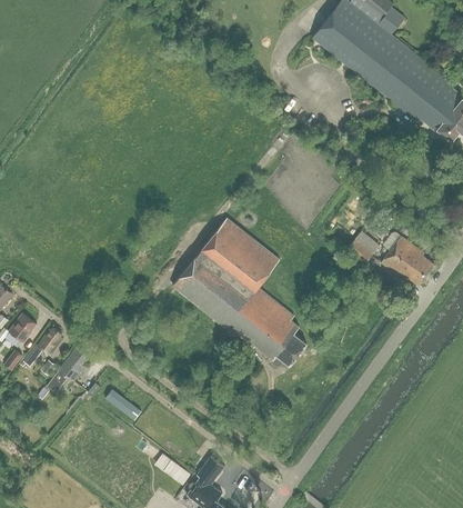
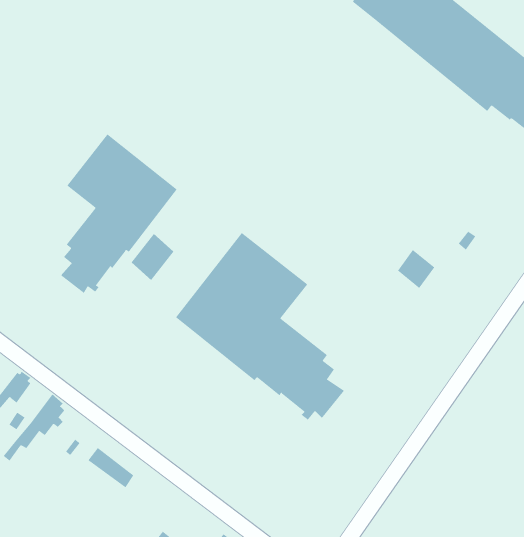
building: none -> [60,134,178,294]
building: none -> [131,233,174,281]
building: [380,232,433,286] -> none

